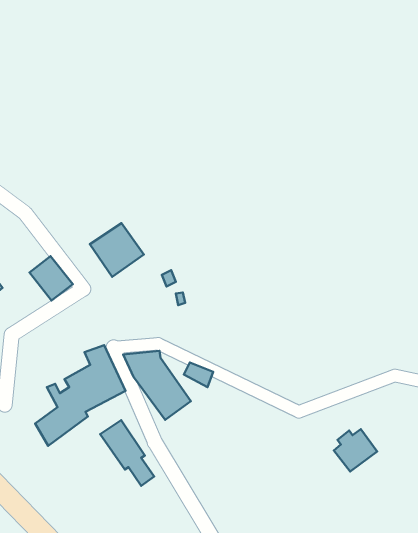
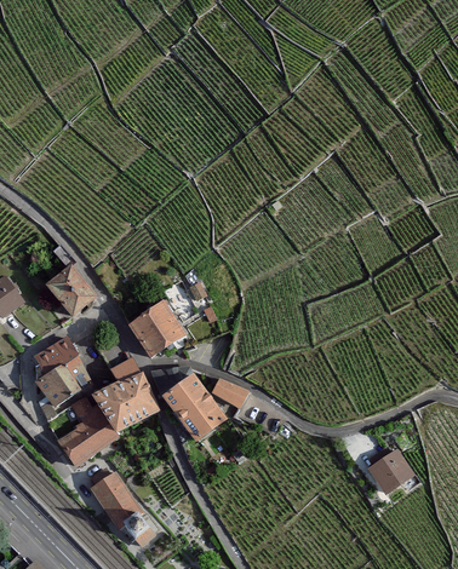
building: [90,223,144,277] -> [132,305,188,361]
building: none -> [41,339,80,401]
building: [100,420,154,486] -> [92,473,148,541]

